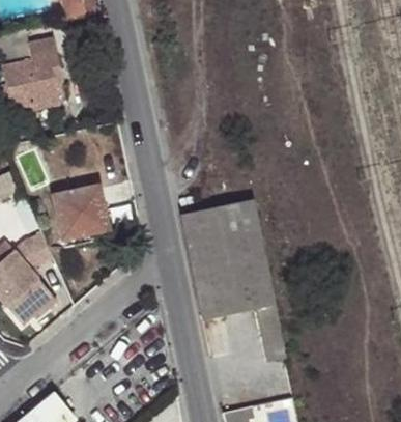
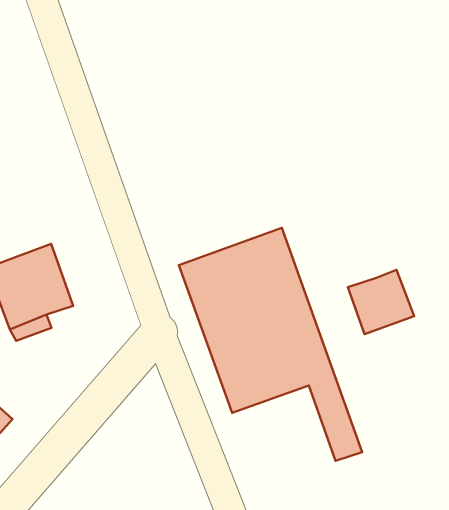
building: none -> [348,270,414,334]

